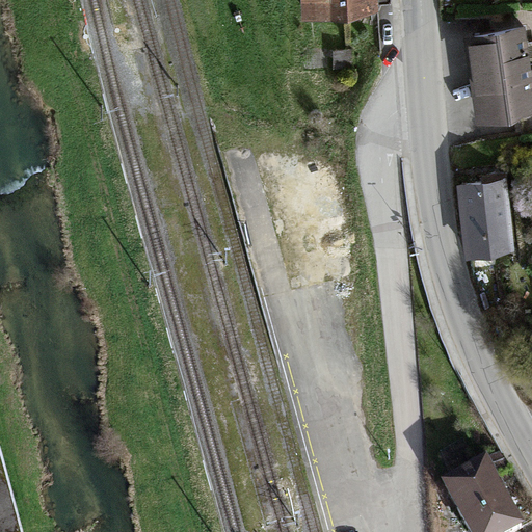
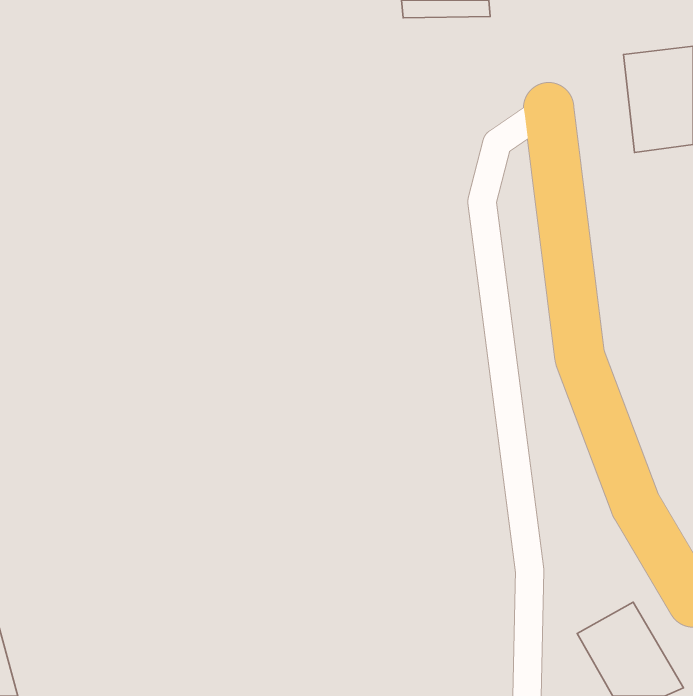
building: [461,186,509,254] -> none

